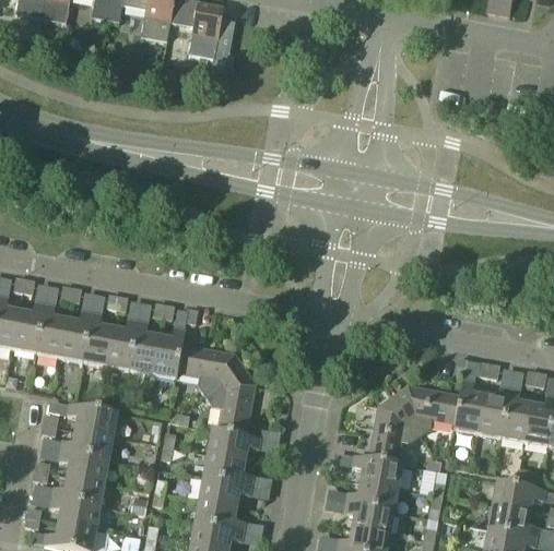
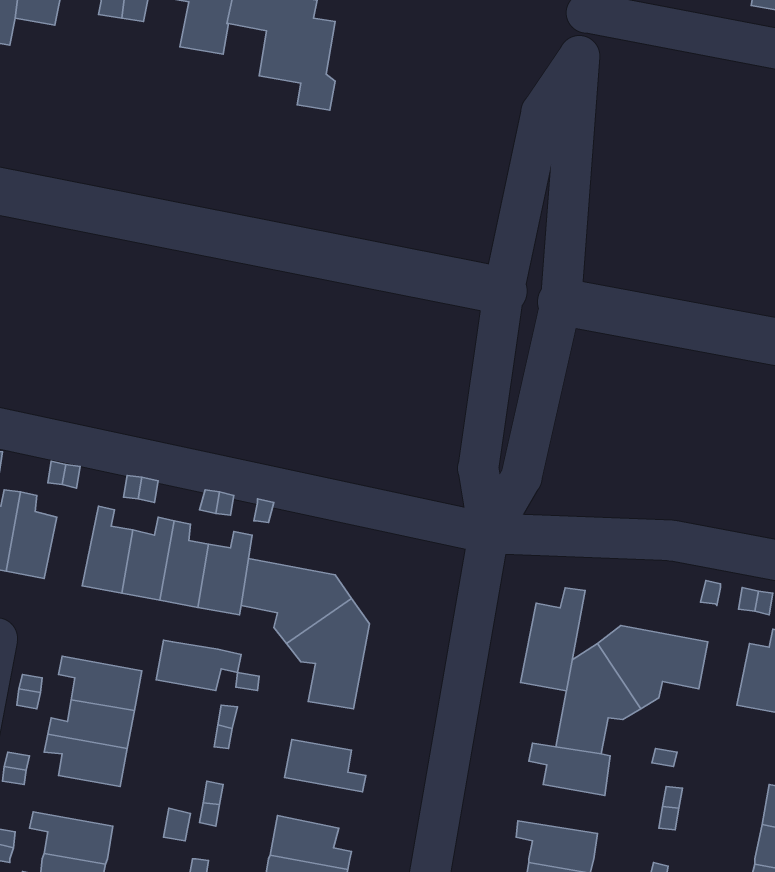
building: [59,310,92,360] -> none
building: none -> [521,588,585,691]
building: [453,380,485,432] -> none
building: [209,429,260,459] -> [156,640,241,691]
building: [52,475,105,505] -> none
building: [200,476,251,506] -> none
building: [345,480,398,510] -> none

